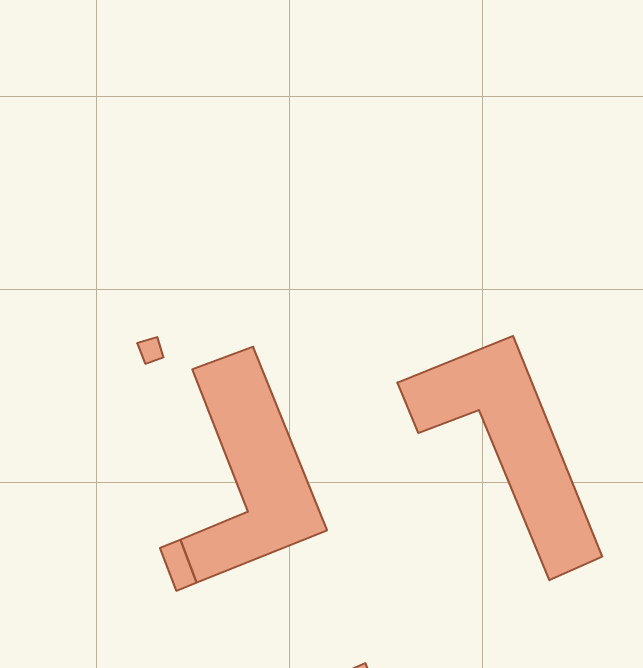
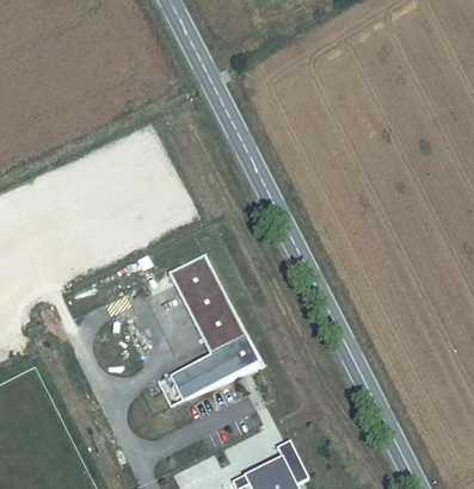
building: [397,336,602,580] -> none

